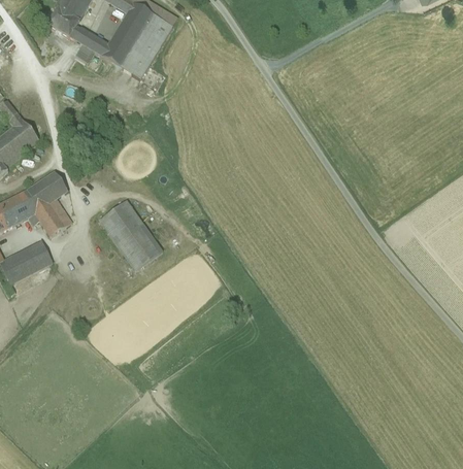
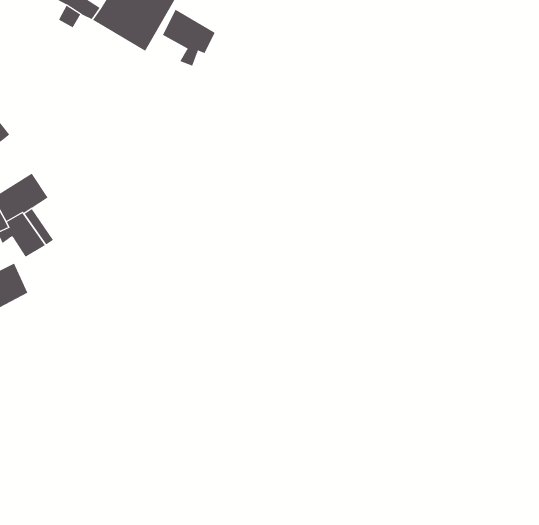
building: none -> [162,9,215,67]
building: [99,200,162,269] -> none

